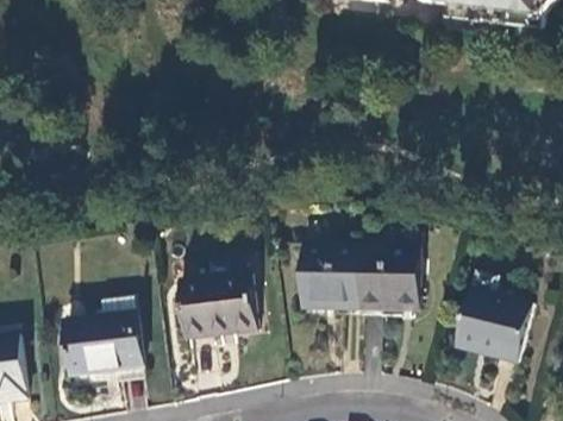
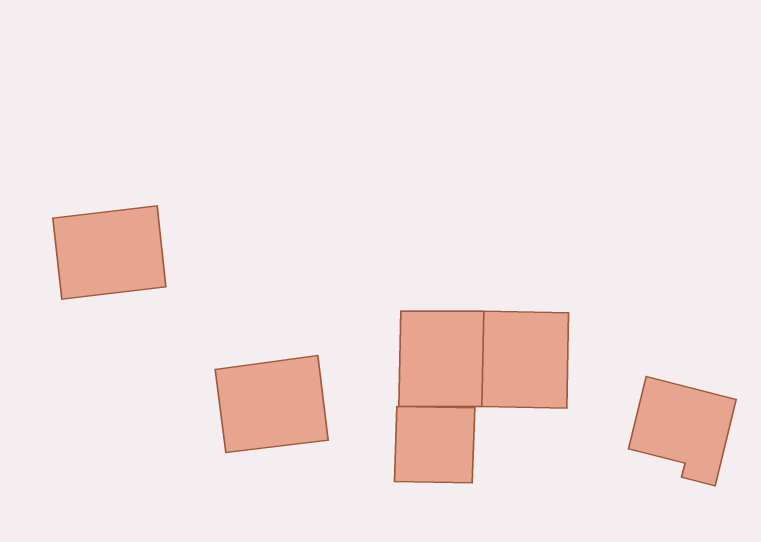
building: none -> [394,406,475,483]
building: [65,314,142,377] -> [53,206,166,299]

